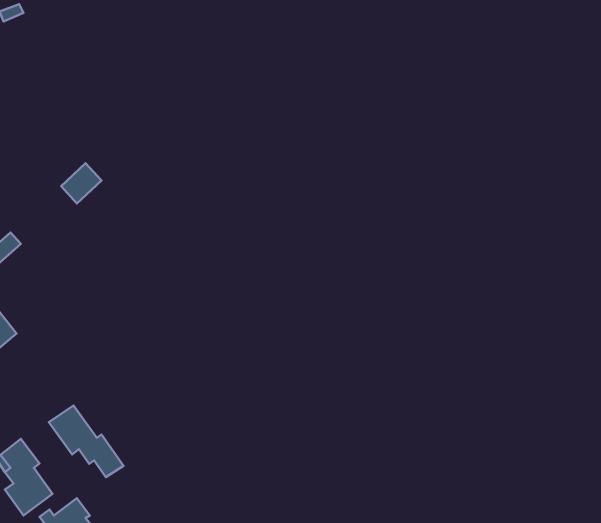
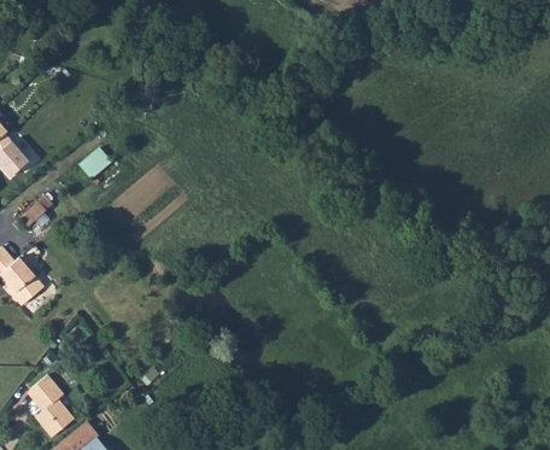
building: [49,405,123,477] -> none

